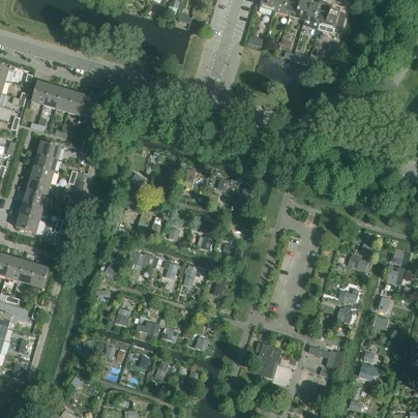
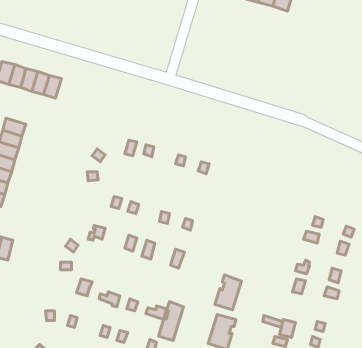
building: none -> [215,275,242,310]
building: none -> [158,301,184,341]

